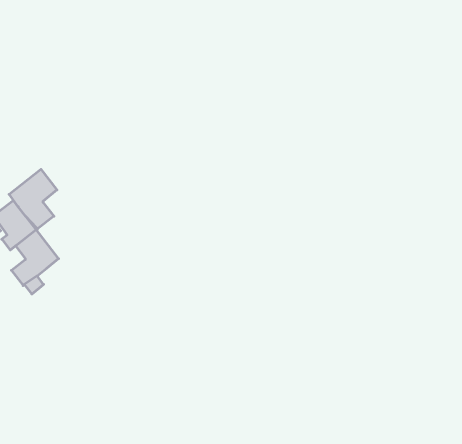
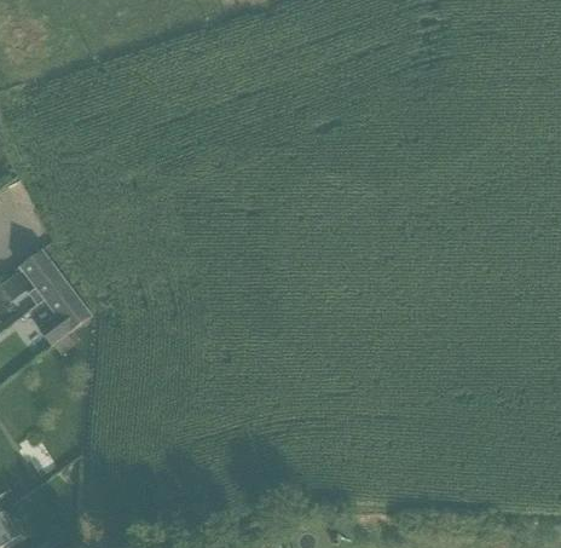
building: [9,169,57,229] -> none

